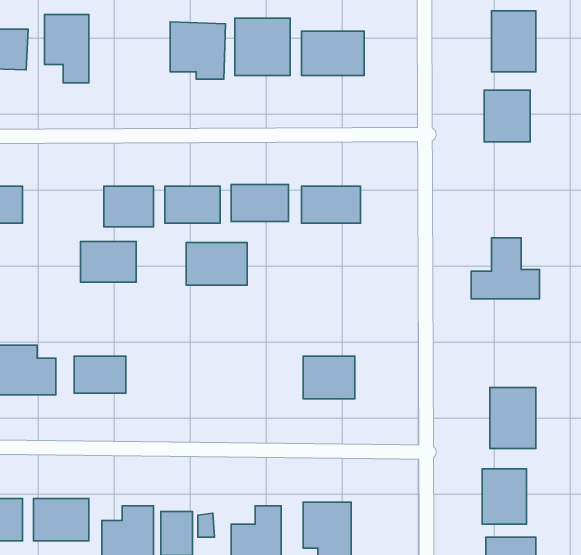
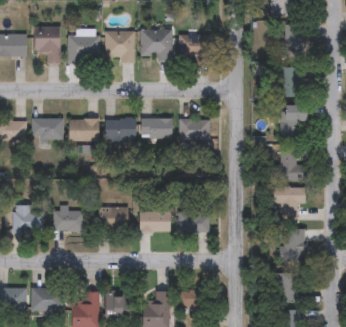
building: none -> [70,36,101,61]
building: none -> [279,107,304,136]
building: [81,241,136,282] -> [33,117,63,139]
building: [186,243,247,285] -> [93,207,126,230]
building: none -> [272,187,304,223]
building: none -> [136,212,166,232]

